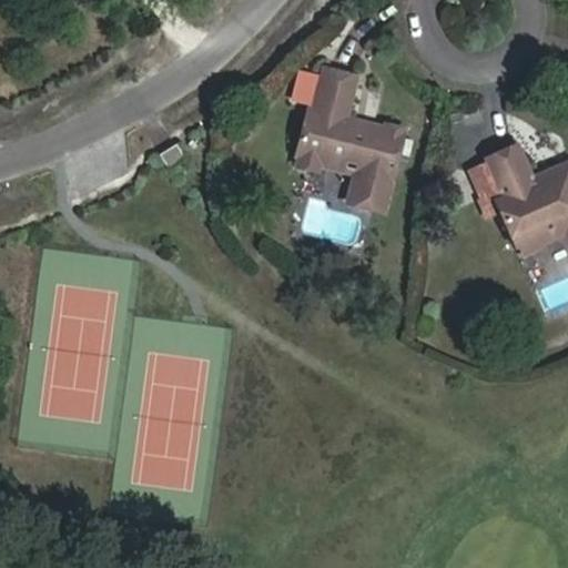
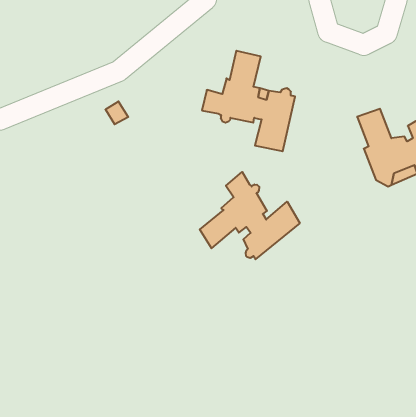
building: none -> [200,172,300,259]

